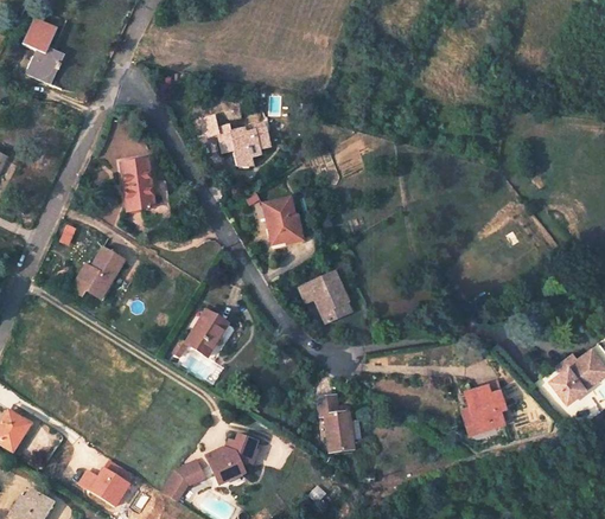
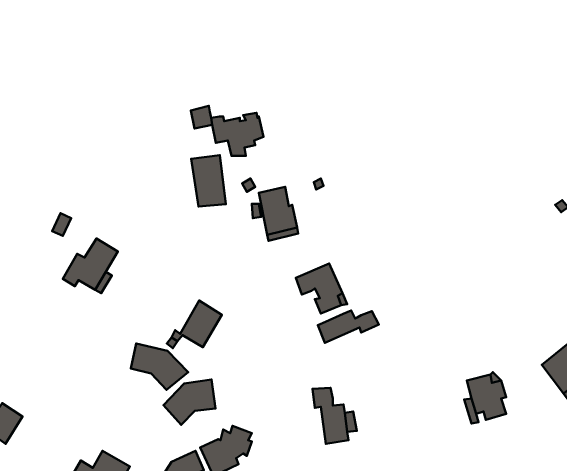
building: [21,19,63,83] -> none
building: [120,160,154,211] -> [191,155,226,207]
building: none -> [318,310,379,343]
building: none -> [131,344,188,390]
building: none -> [163,379,216,425]

